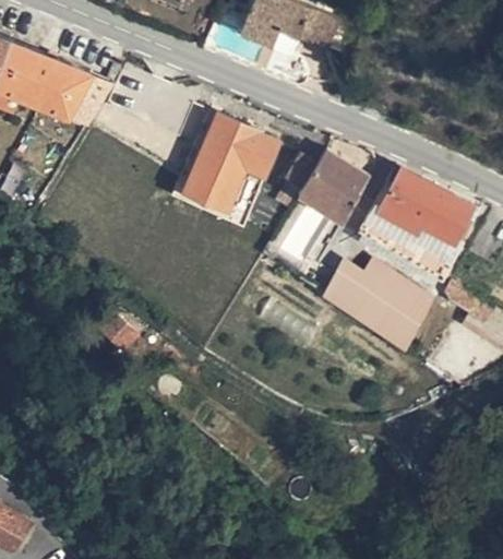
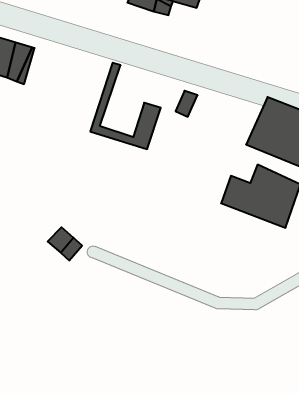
building: [182,112,276,206] -> none
building: [290,152,372,229] -> none

